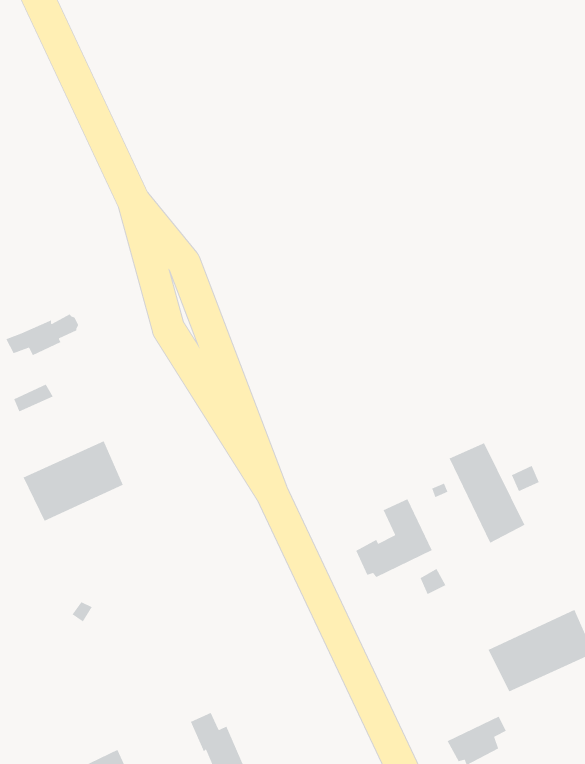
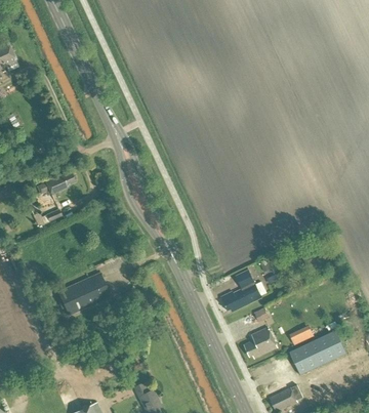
building: [23,440,124,522] -> [57,273,111,316]
building: [448,442,525,544] -> none
building: none -> [244,327,278,357]

